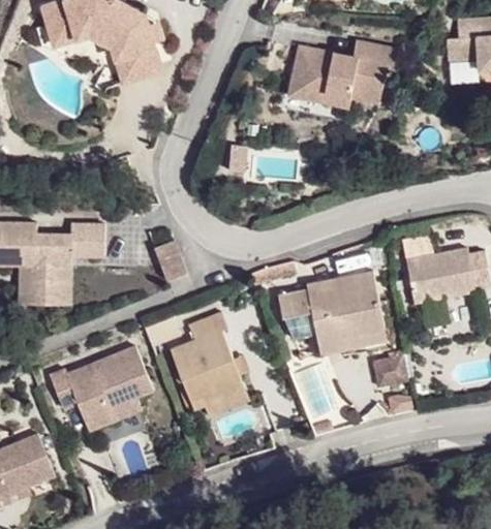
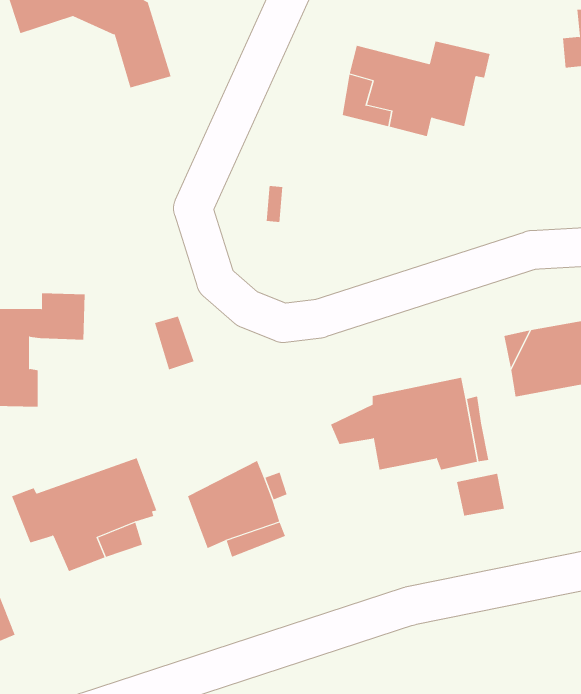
building: [55,26,134,81] -> none
building: [273,264,374,320] -> none
building: [167,312,227,372] -> none

